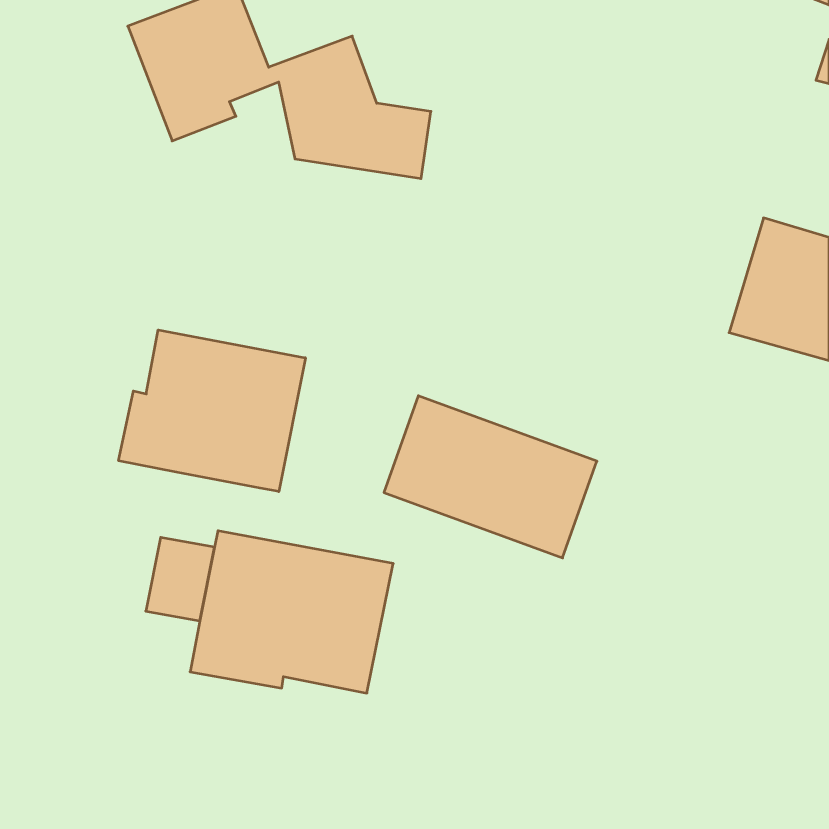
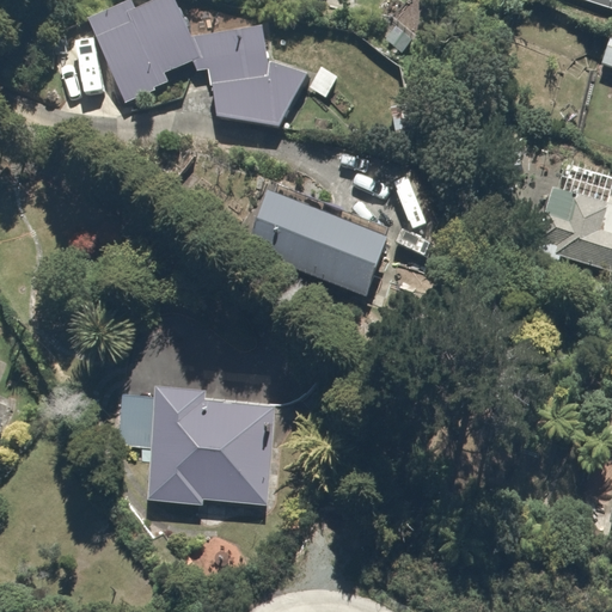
building: [119,330,305,492] -> none
building: [384,396,597,558] -> [243,183,398,301]

